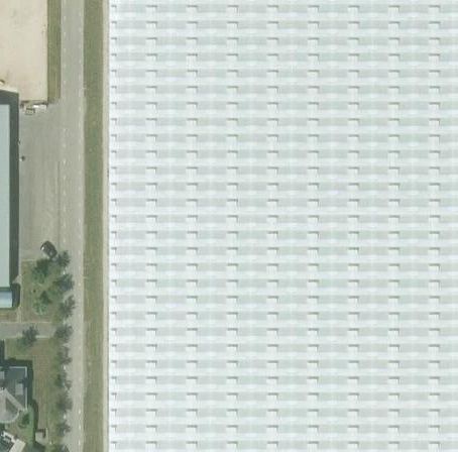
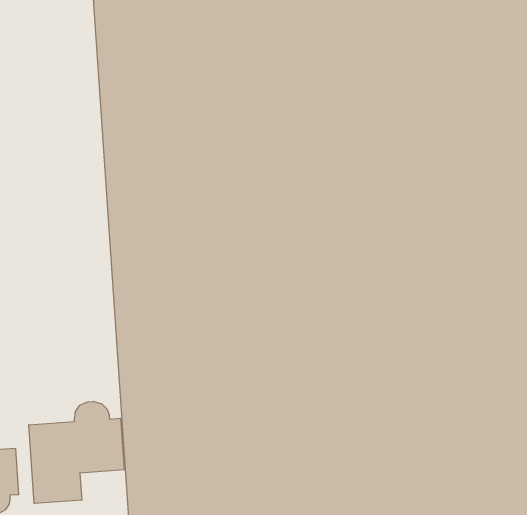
building: none -> [29,401,124,504]

